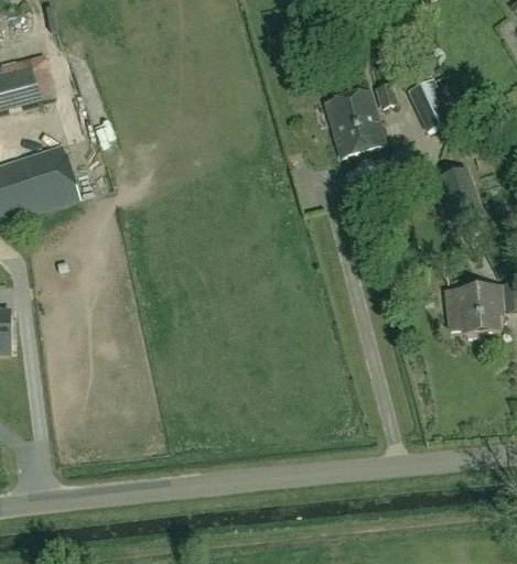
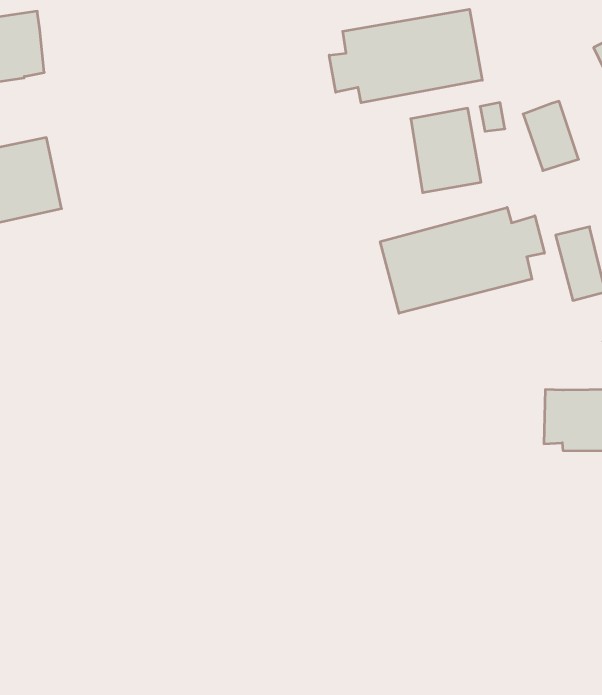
building: none -> [329,9,482,103]
building: none -> [380,207,544,313]

